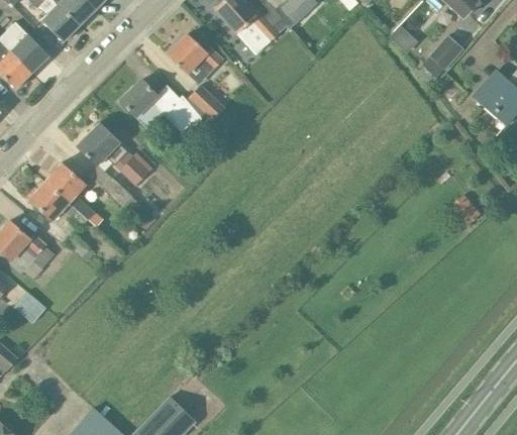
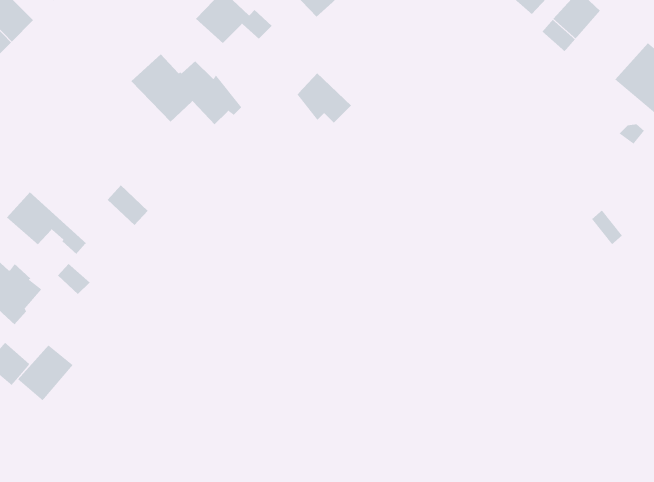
building: [186,85,226,122] -> [297,72,352,124]
building: [76,123,153,187] -> none
building: [45,164,95,220] -> none
building: none -> [17,345,73,401]

